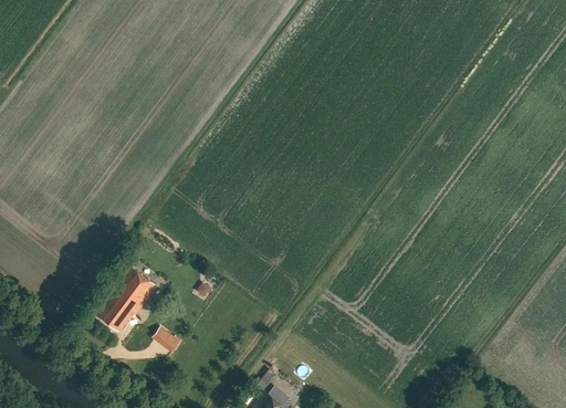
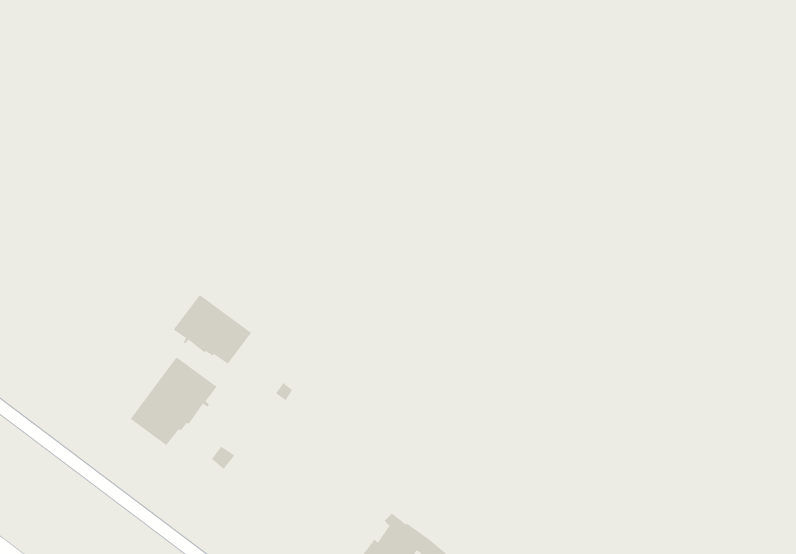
building: none -> [173,294,252,364]

